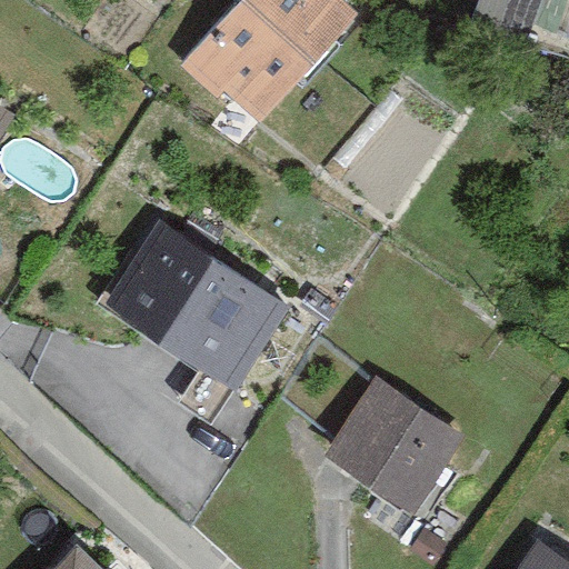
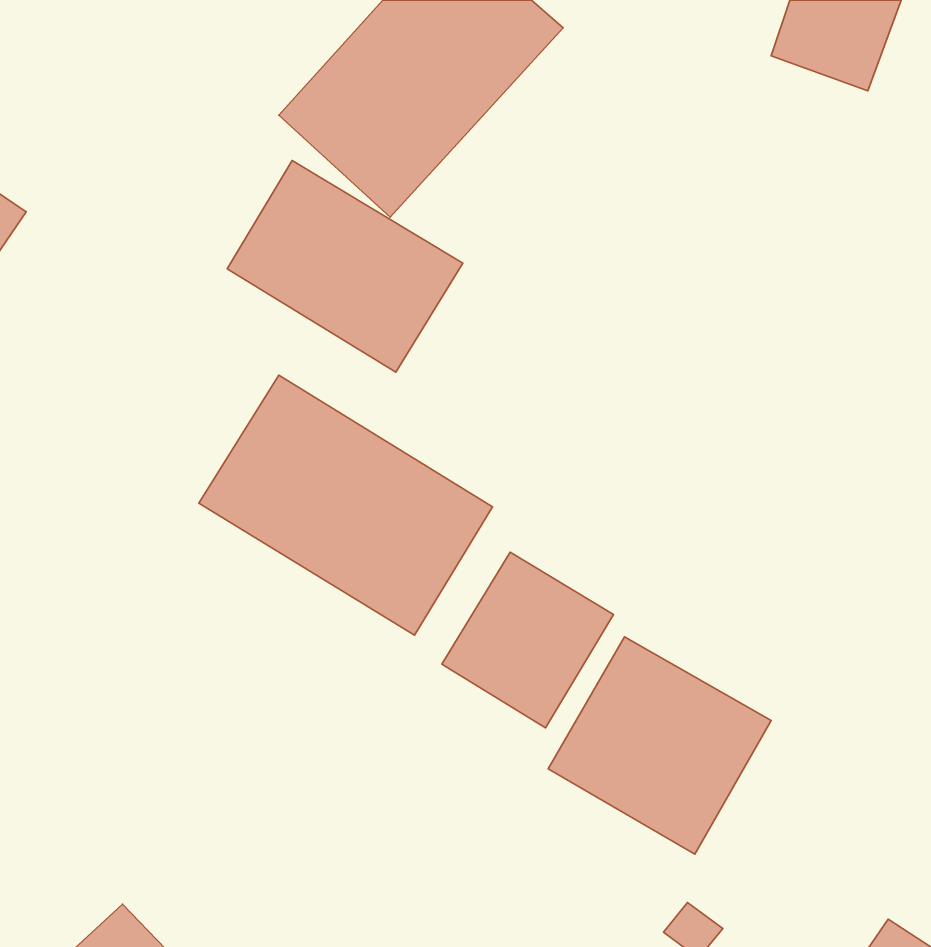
building: none -> [227,160,463,372]
building: none -> [442,552,614,728]

